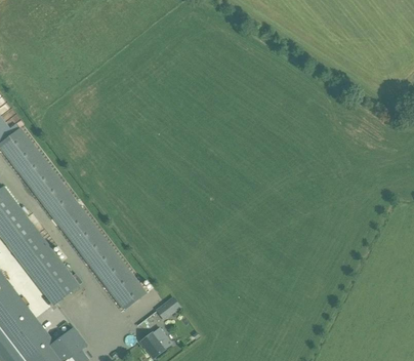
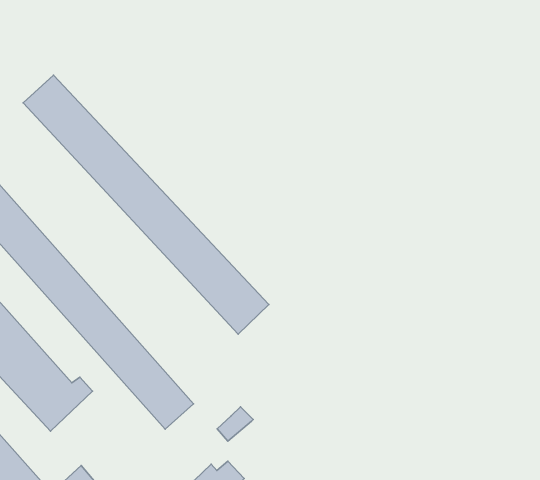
building: none -> [23,75,269,334]

